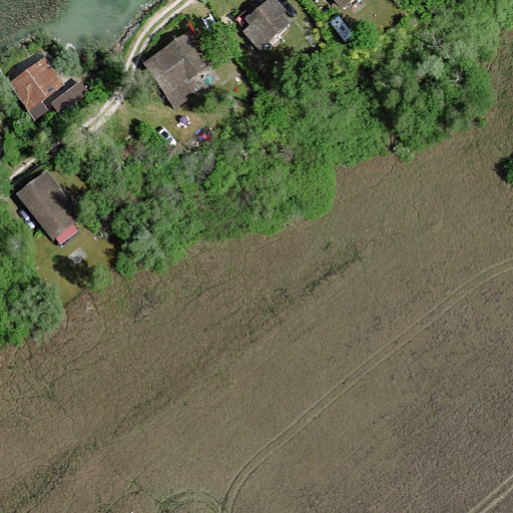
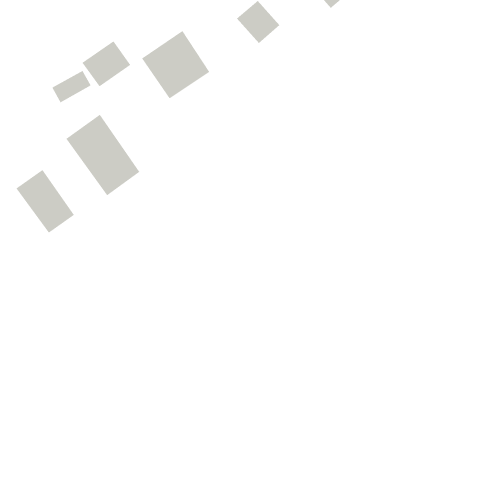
building: [9,58,60,106] -> [82,41,131,87]
building: none -> [65,114,140,196]

